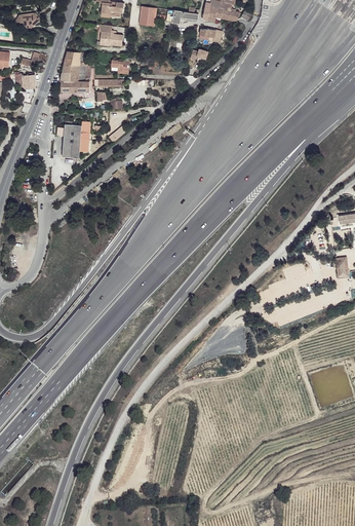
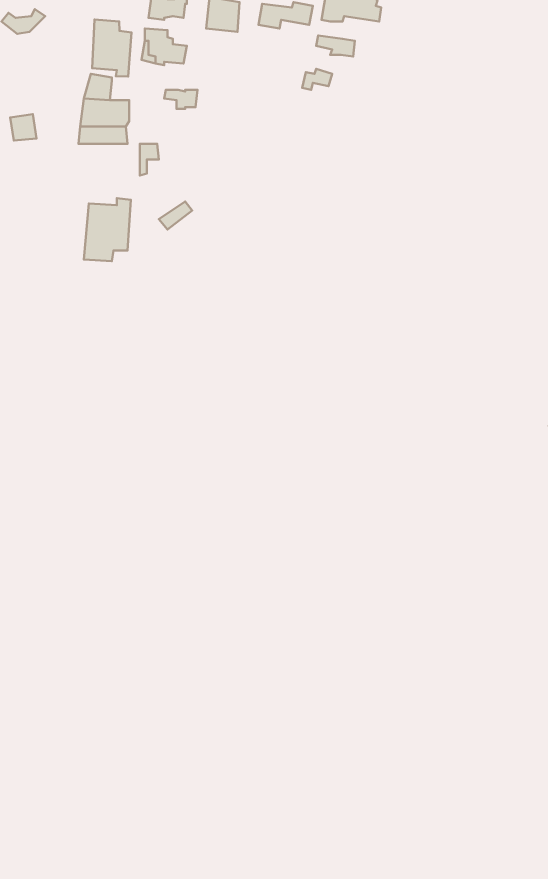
building: none -> [92,19,132,77]

